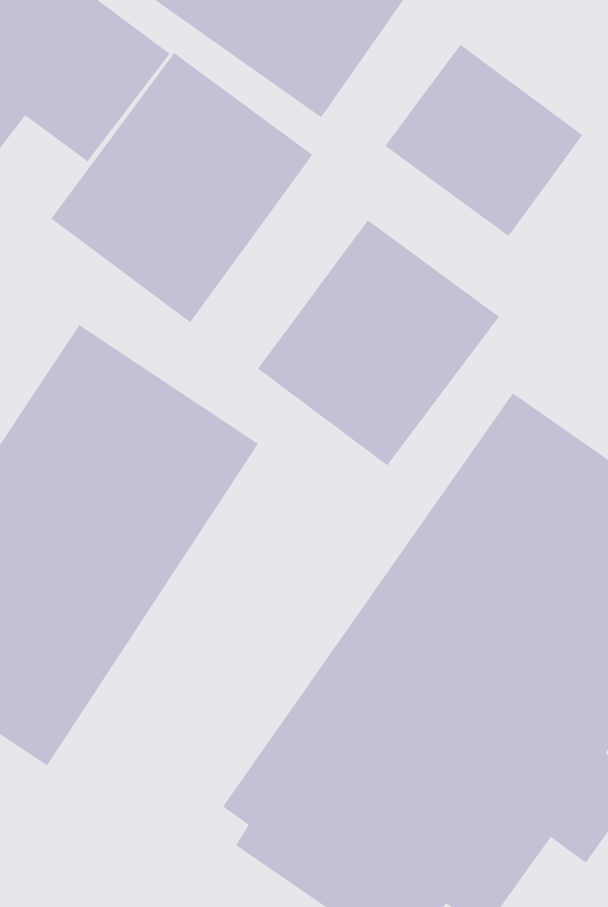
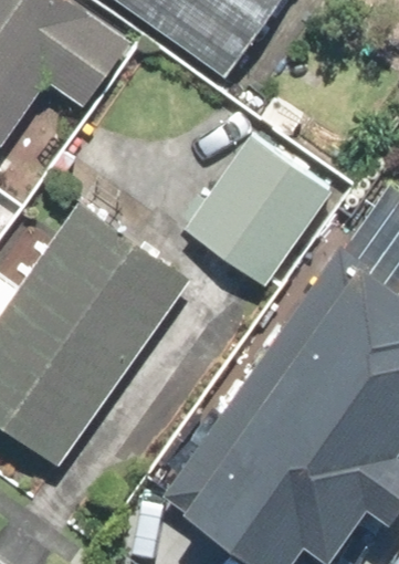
building: [384,44,583,237] -> none
building: [51,52,313,323] -> none

